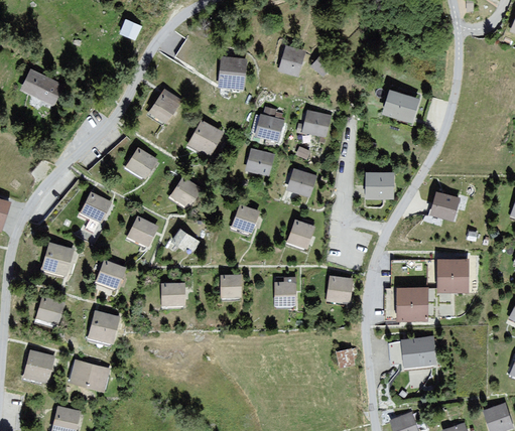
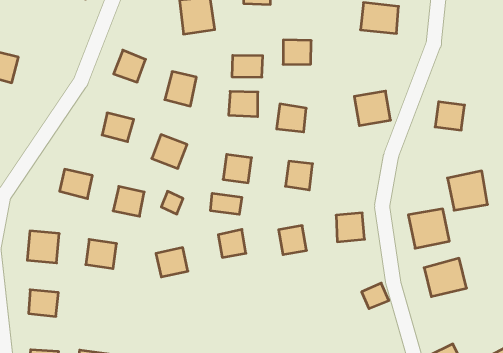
building: none -> [211,193,242,214]
building: [85,311,117,344] -> none

